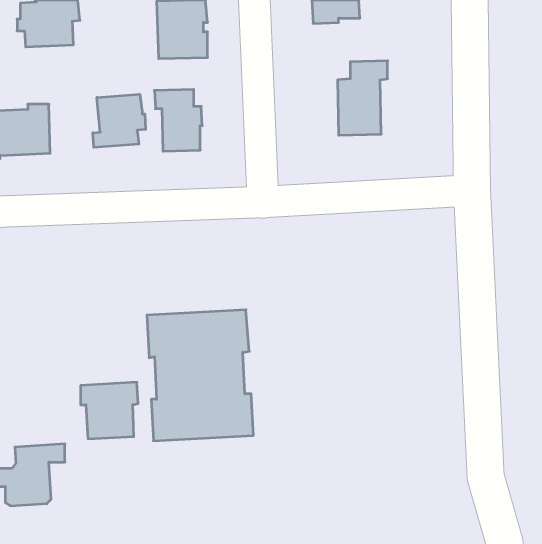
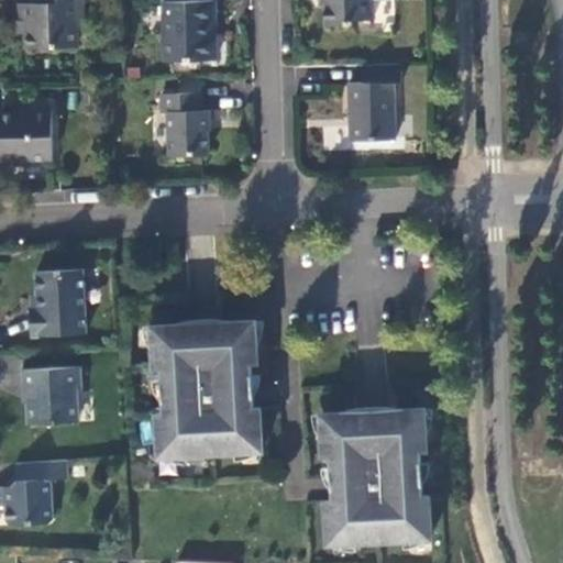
building: [93,94,146,147] -> none
building: none -> [29,268,86,335]
building: [81,382,138,439] -> [21,366,80,424]
building: none -> [320,407,430,542]

